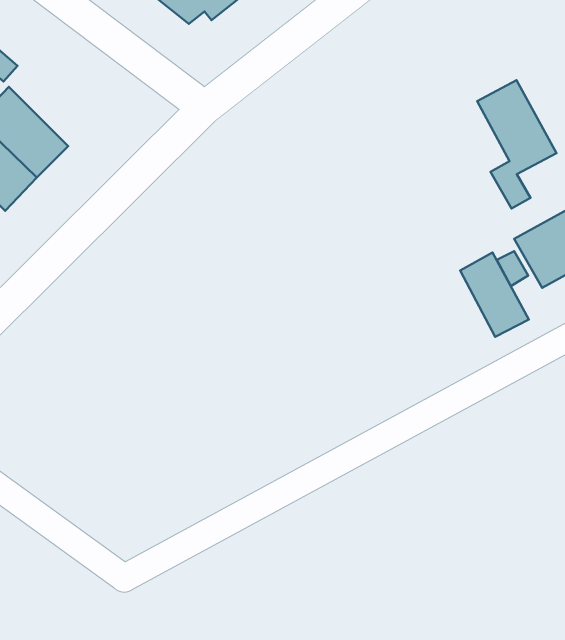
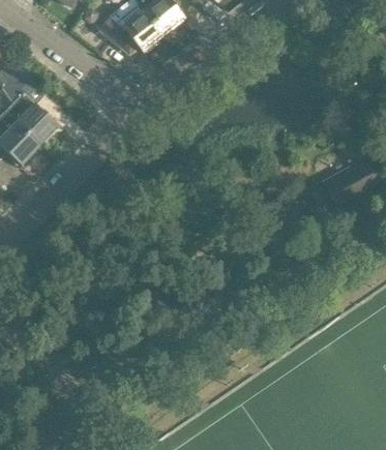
building: [477,80,556,209] -> none
building: [460,253,529,337] -> none

